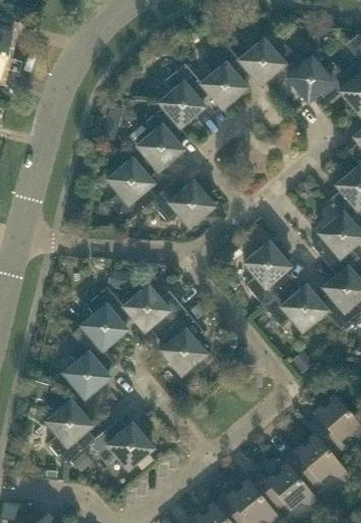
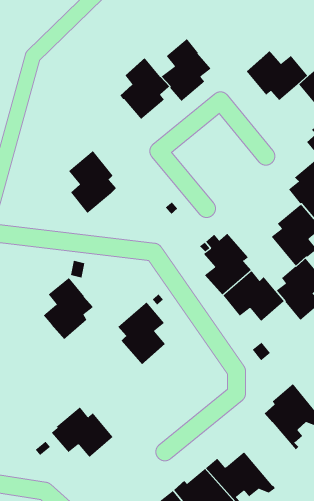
building: [239,39,303,90] -> none
building: [129,106,189,171] -> none
building: [151,175,215,227] -> none
building: [124,285,187,336] -> none
building: [64,334,116,397] -> none
building: [46,399,96,464] -> none
building: [283,433,347,496] -> none

